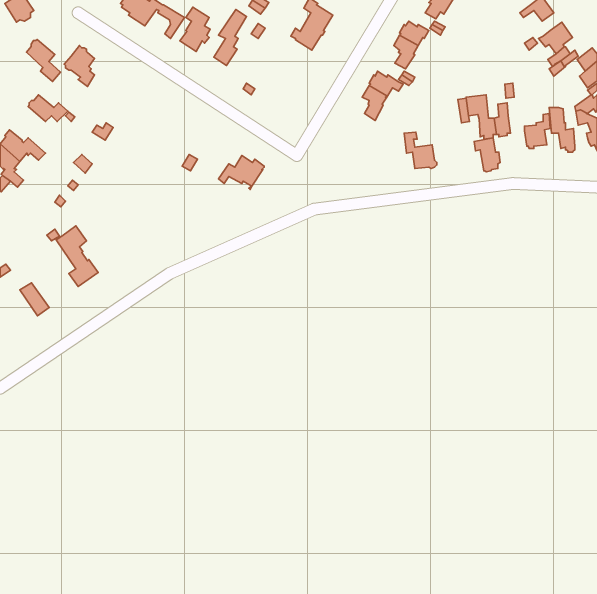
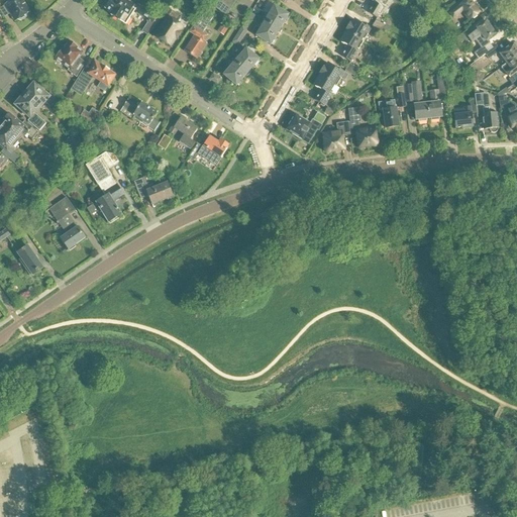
building: [27,39,61,82] -> [15,92,44,128]
building: none -> [222,46,258,84]
building: none -> [77,61,114,89]
building: none -> [120,98,160,129]
building: none -> [287,110,325,141]
building: none -> [169,116,197,147]
building: [474,138,500,172] -> [378,98,400,127]
building: none -> [323,120,349,151]
building: none -> [86,150,123,220]
building: none -> [133,176,173,202]

